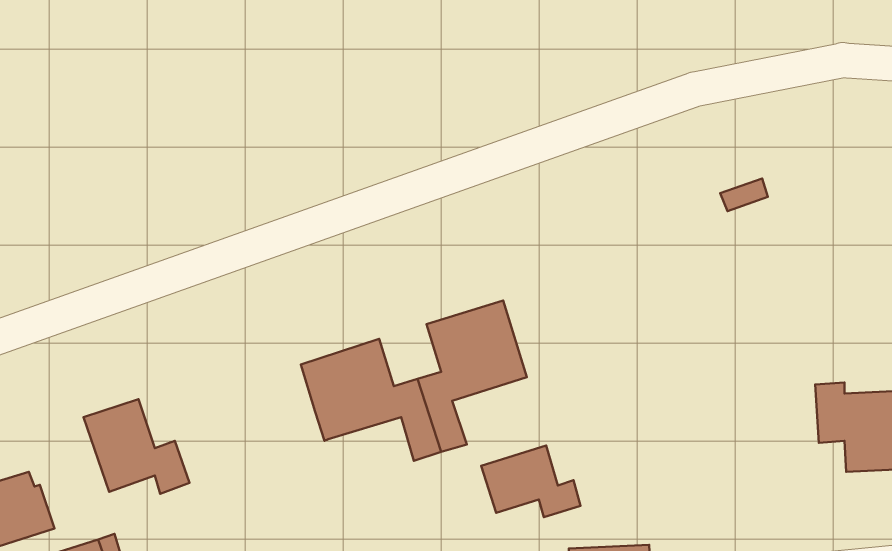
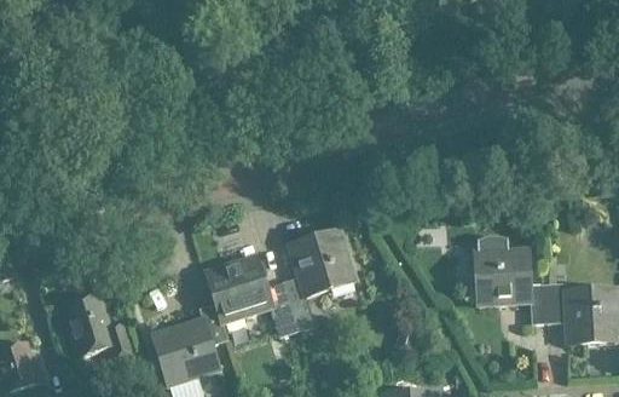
building: none -> [475,235,549,324]
building: none -> [151,303,228,385]
building: [481,446,581,517] -> none

